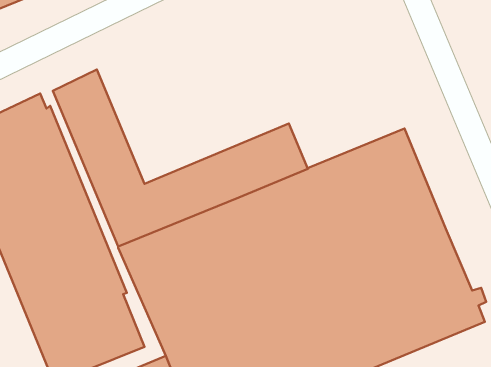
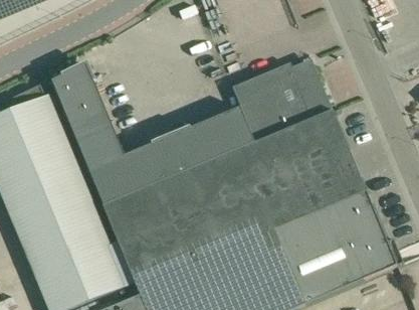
building: none -> [233,63,333,143]

